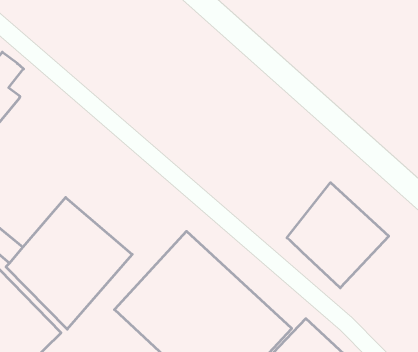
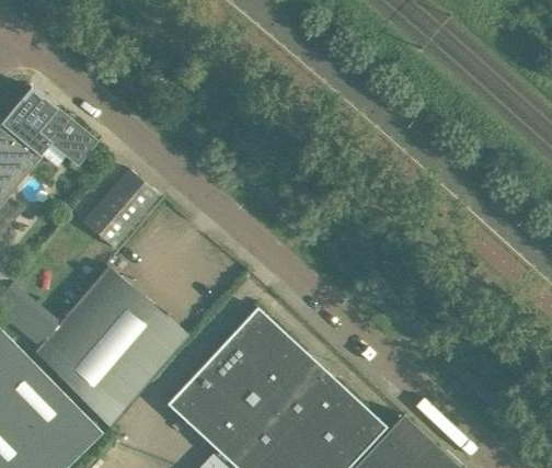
building: none -> [37,109,96,165]
building: none -> [83,169,159,248]
building: [287,183,389,288] -> none

